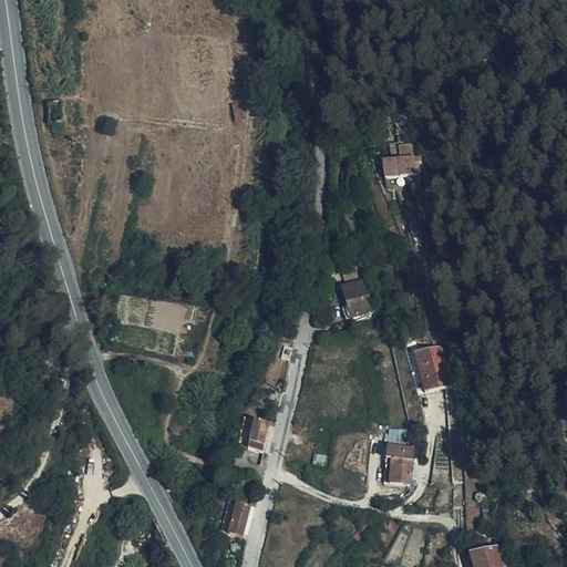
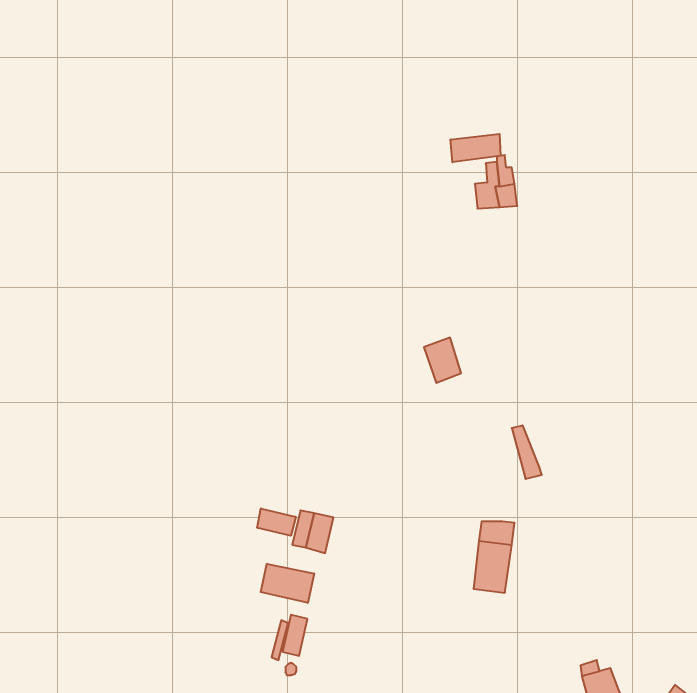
building: none -> [451,134,501,162]
building: [422,346,451,390] -> none
building: none -> [257,508,296,536]
building: none -> [261,564,314,603]

